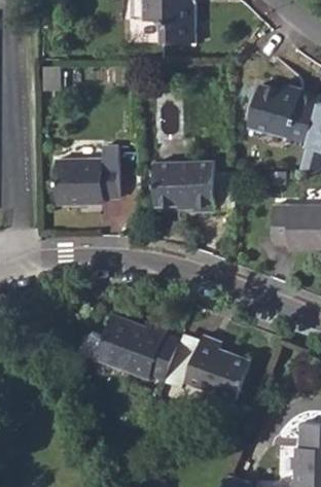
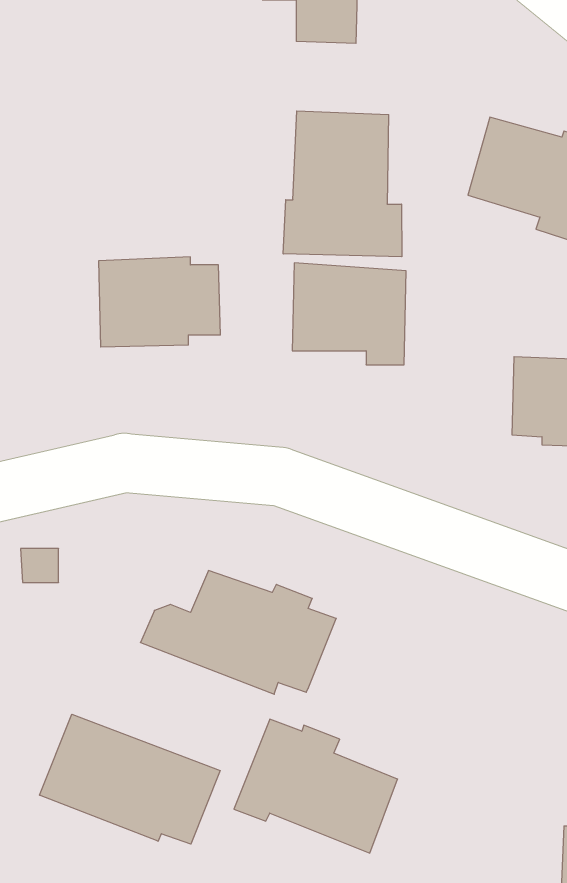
building: none -> [283,111,402,257]
building: [165,331,249,399] -> [234,719,398,853]
building: none -> [40,714,220,844]

